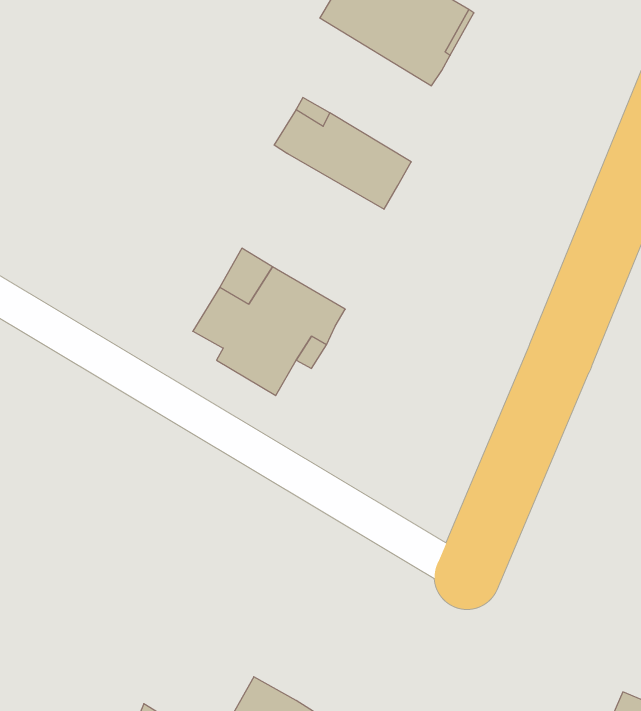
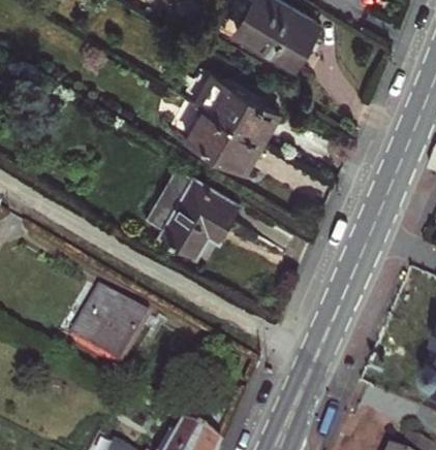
building: none -> [184,107,260,170]
building: none -> [72,290,149,366]

